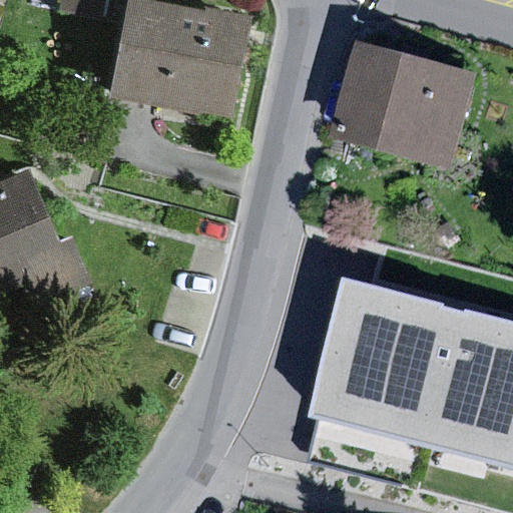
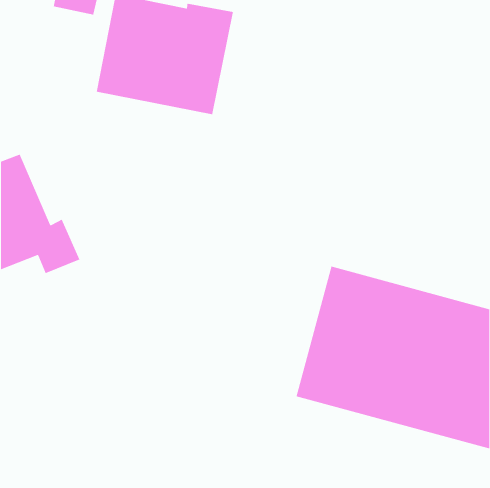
building: [332,39,477,164] -> none

